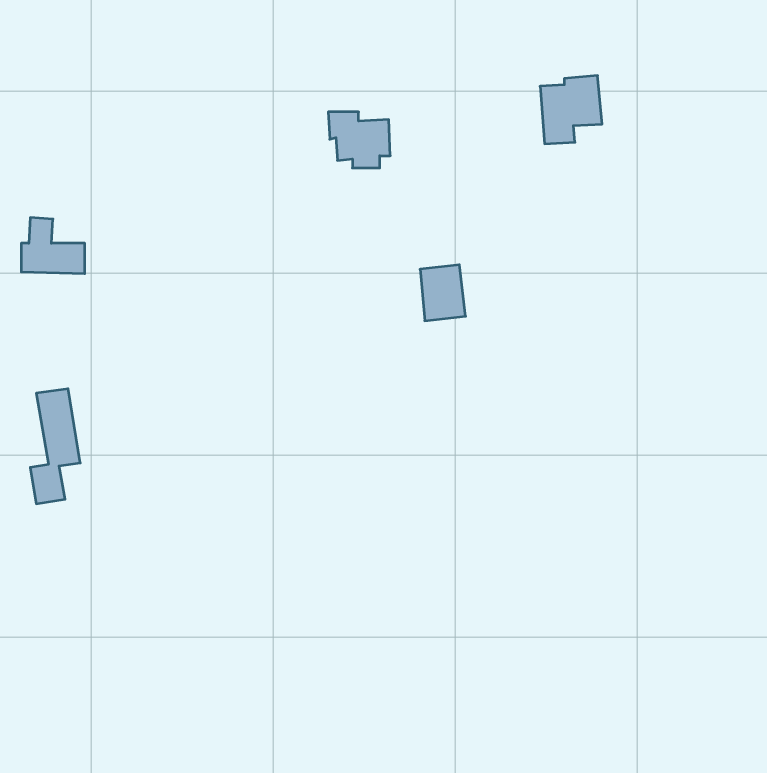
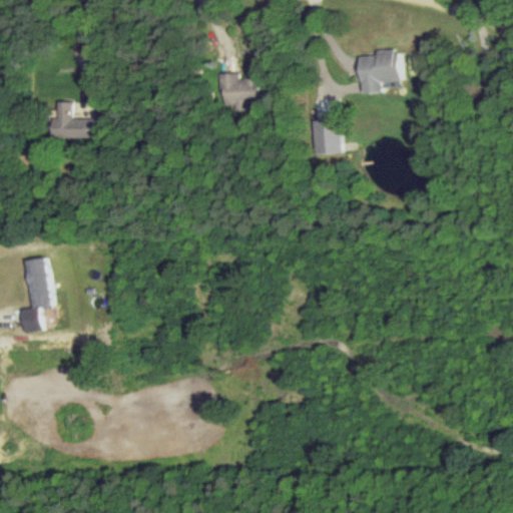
building: [21,218,85,274] -> [51,102,93,139]
building: [420,265,466,321] -> [311,118,341,155]

